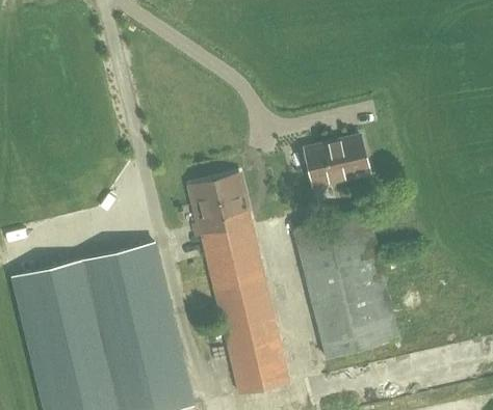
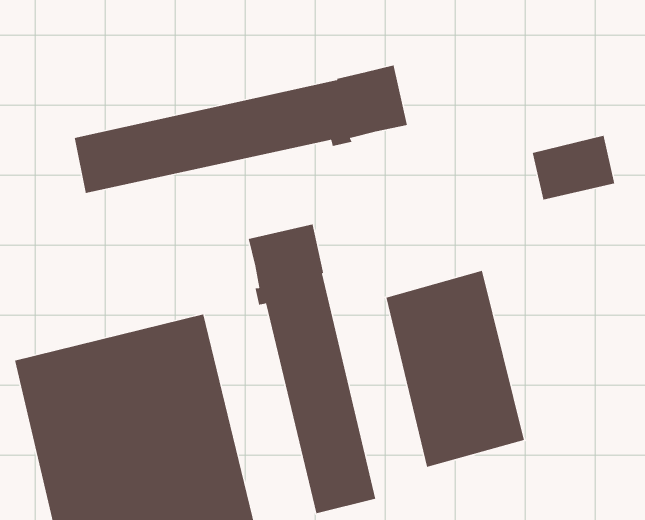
building: none -> [74,65,408,194]
building: [305,137,368,187] -> [532,135,615,200]

